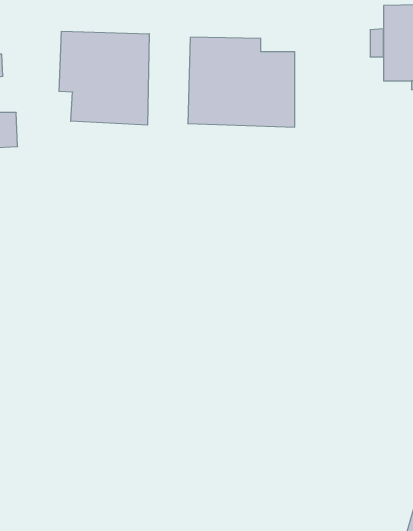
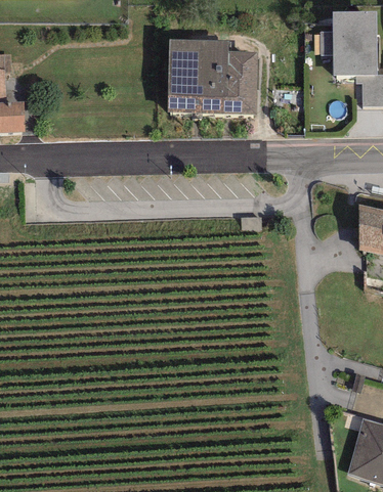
building: [59,31,149,125] -> none

